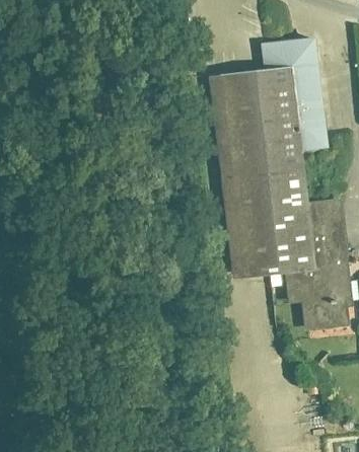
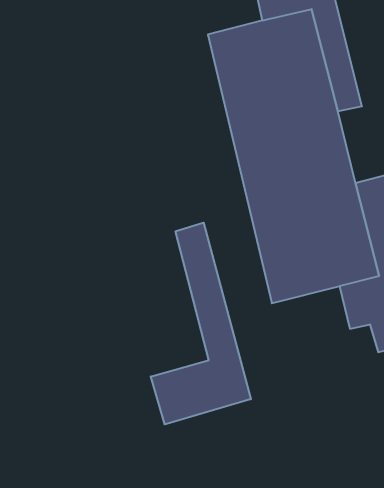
building: none -> [151,223,251,424]

